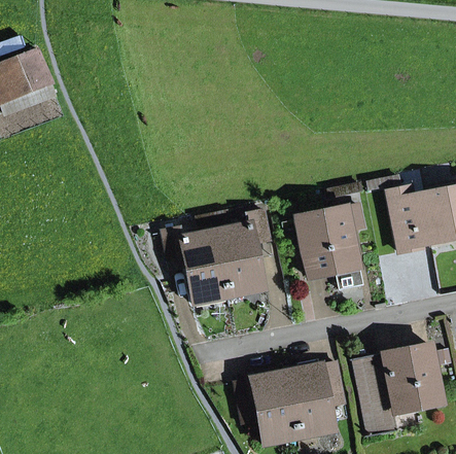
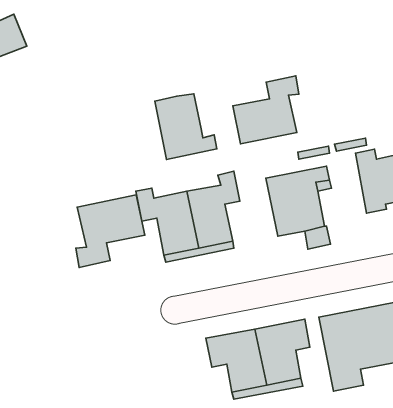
building: none -> [233,76,299,144]
building: none -> [155,94,217,159]
building: none -> [76,195,145,267]

